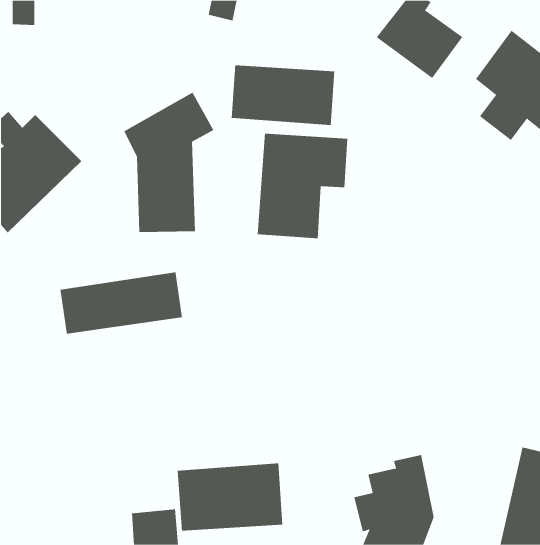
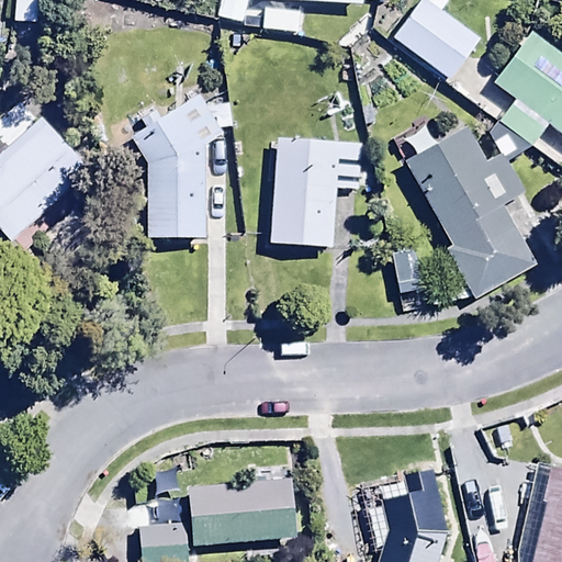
building: [231,64,335,126] -> none
building: none -> [406,128,538,308]
building: [60,272,183,335] -> none

